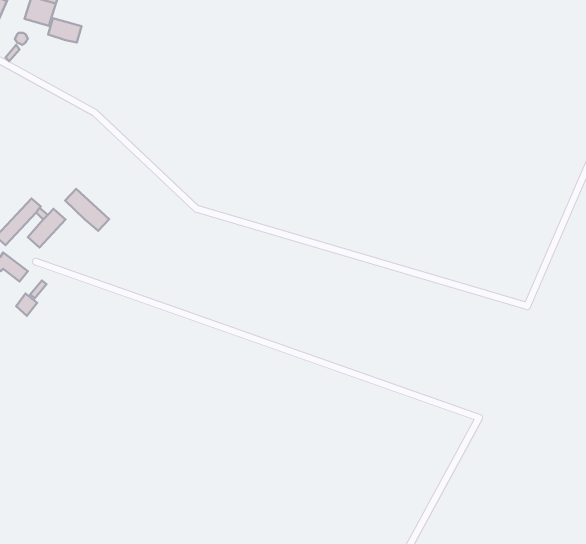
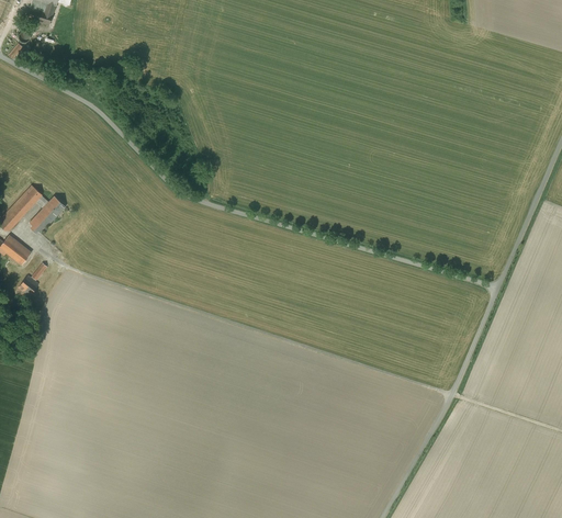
building: [48,18,82,43] -> none
building: [65,189,109,231] -> none

